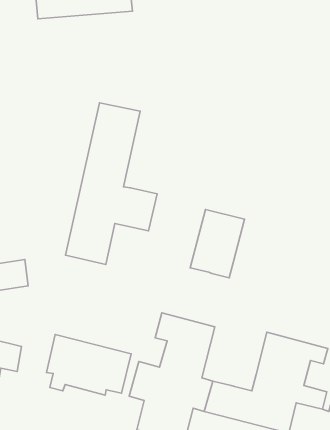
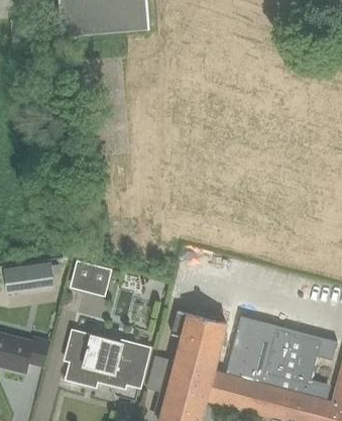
building: [66,103,157,265] -> none
building: [190,209,244,278] -> [225,319,275,383]
building: none -> [70,259,112,296]

